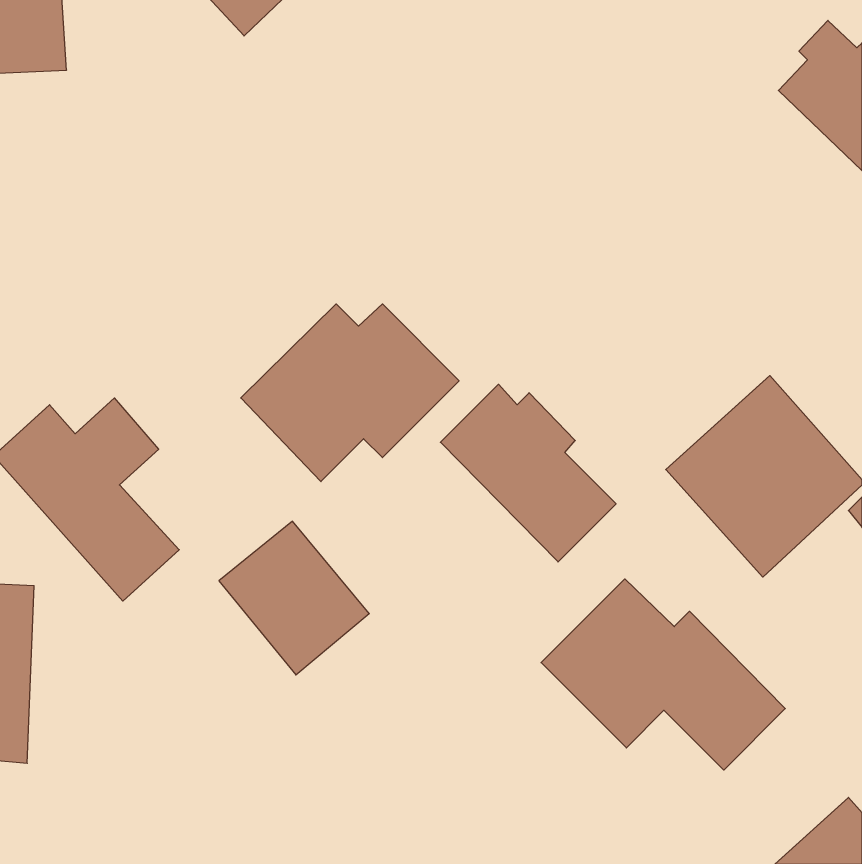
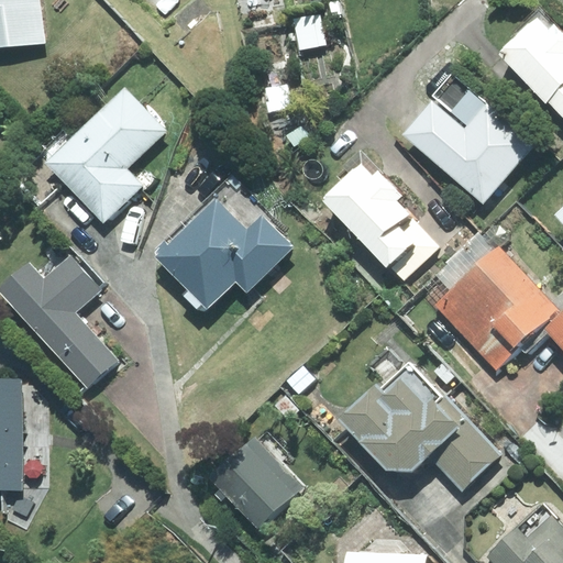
building: none -> [404,75,533,202]
building: none -> [47,86,166,221]
building: [440,384,616,562] -> [325,167,439,282]
building: [219,521,369,675] -> [210,434,307,533]

